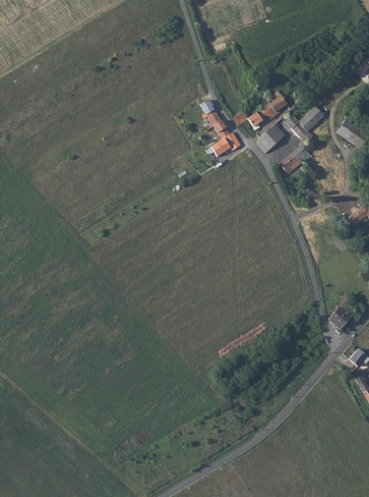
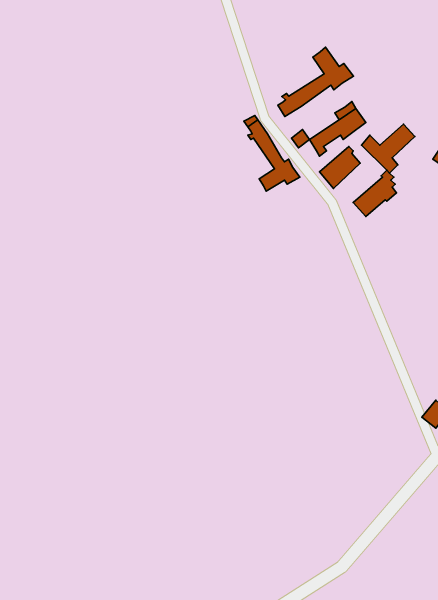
building: none -> [278,47,354,117]

